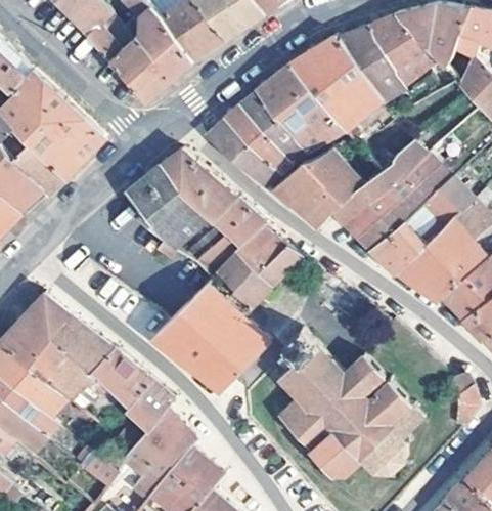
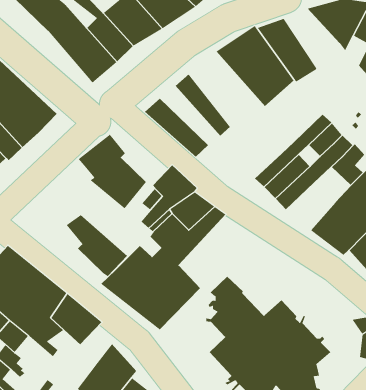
building: [368,15,433,84] -> none
building: [257,66,346,154] -> none
building: [223,105,294,175] -> none
building: [165,150,237,222] -> [66,214,128,277]
building: [272,150,365,230] -> none
building: [370,219,428,276] -> none
building: [127,382,175,429] -> none

